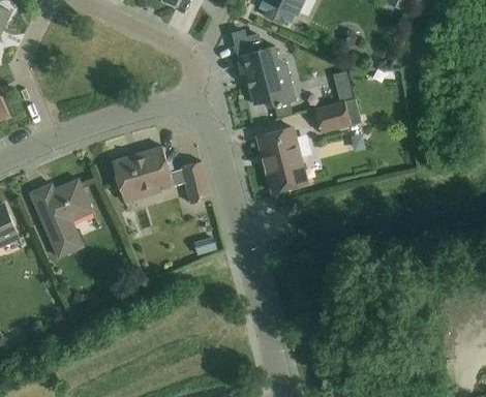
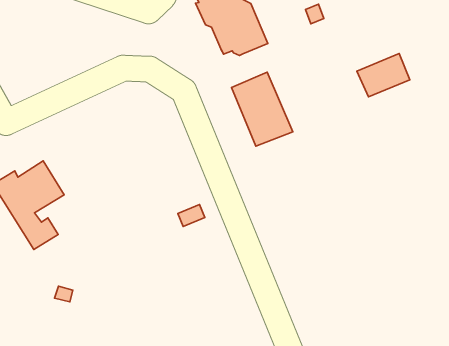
building: [314,98,361,133] -> [357,54,410,97]
building: [112,146,211,204] -> none

